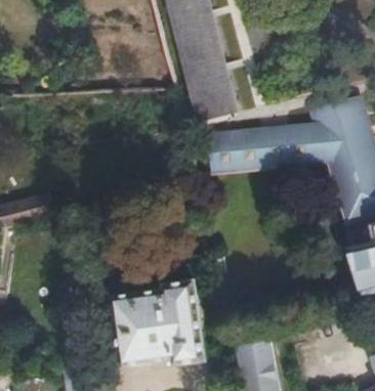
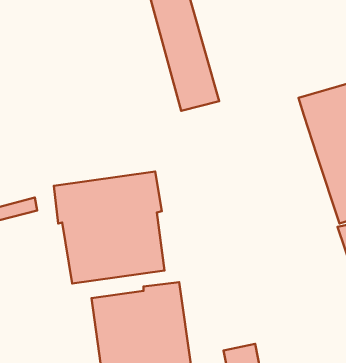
building: [205,123,325,173] -> none
building: none -> [54,172,165,284]

